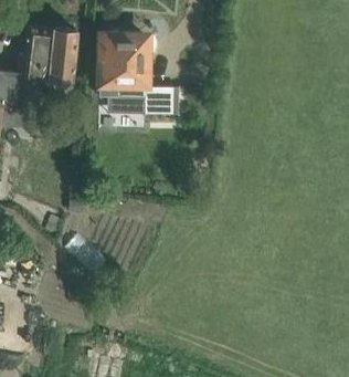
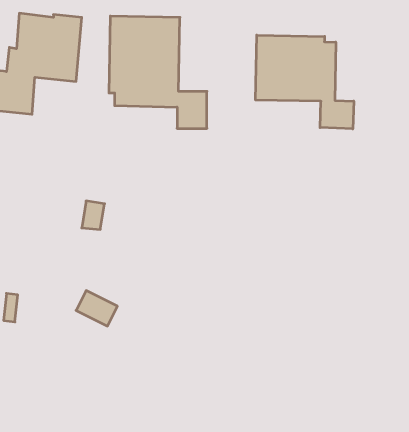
building: none -> [256,35,354,129]

